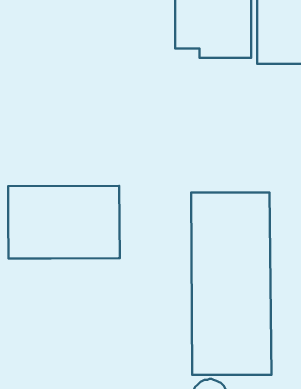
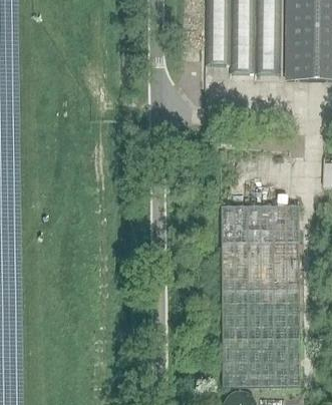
building: [8,186,120,259] -> none

